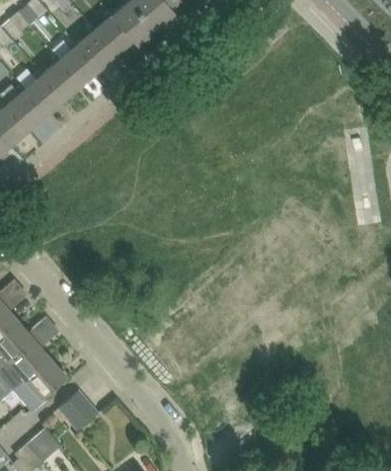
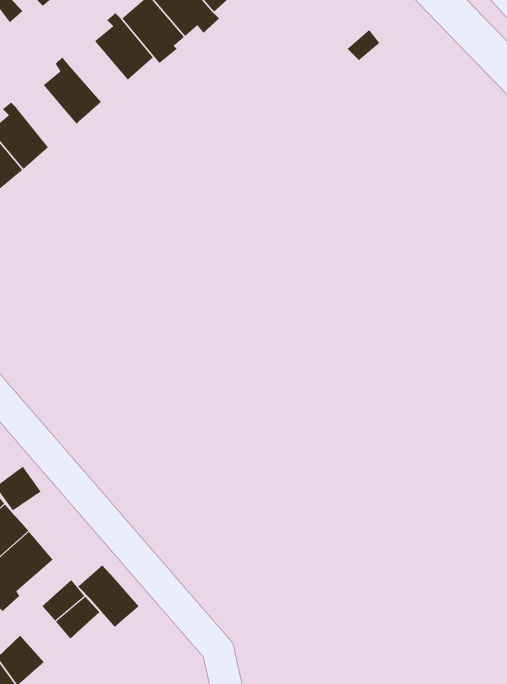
building: [77,26,116,71] -> none
building: [43,56,82,101] -> none
building: none -> [77,565,140,628]

